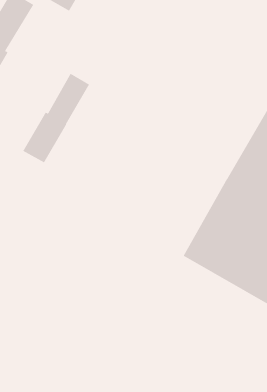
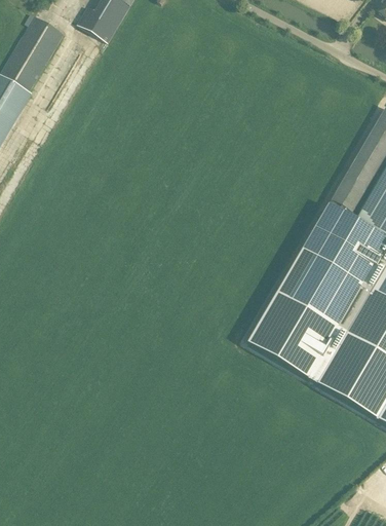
building: [22,73,90,163] -> none

